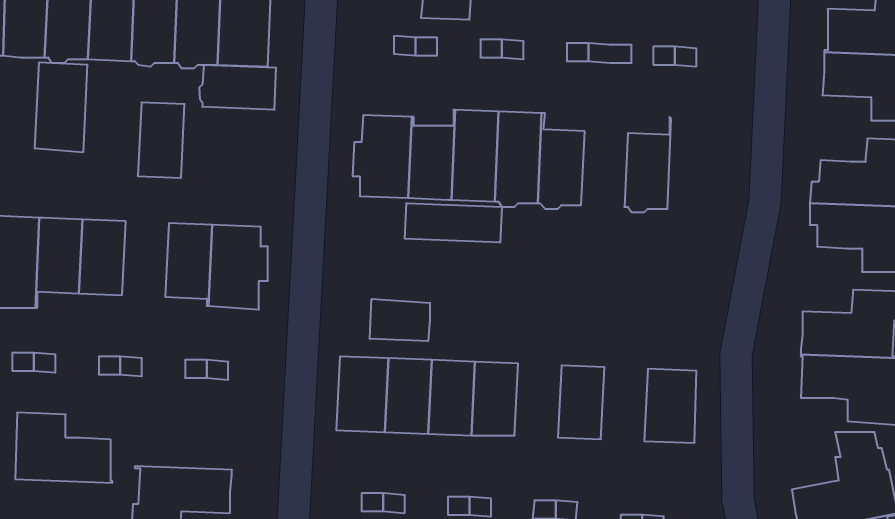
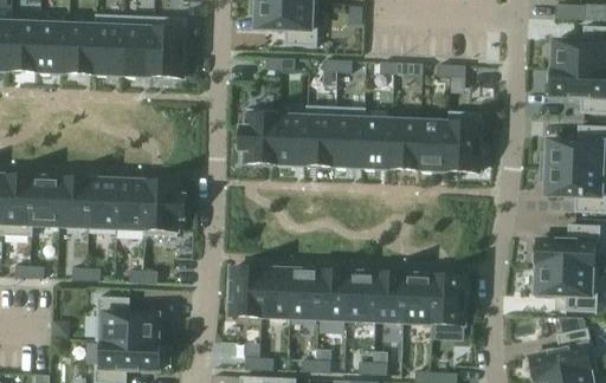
building: [35,62,87,152] -> none
building: [200,65,276,110] -> none
building: [138,102,185,178] -> [88,178,118,228]
building: none -> [446,111,482,171]
building: none -> [389,119,420,169]
building: [405,203,502,243] -> none
building: [370,299,430,341] -> none
building: none -> [346,272,376,320]
building: none -> [402,274,433,323]
building: [15,413,112,483] -> [96,296,160,342]

